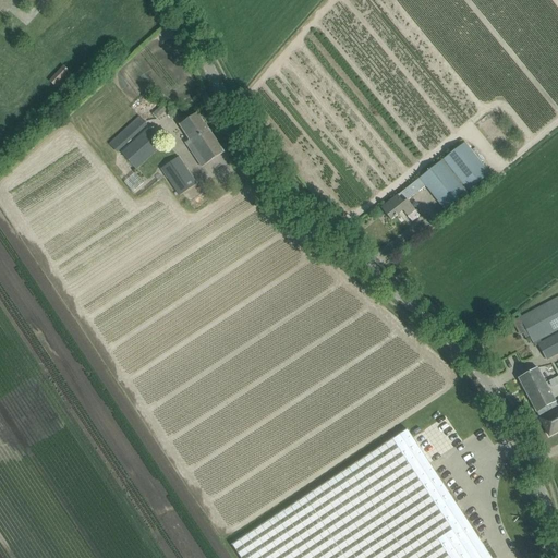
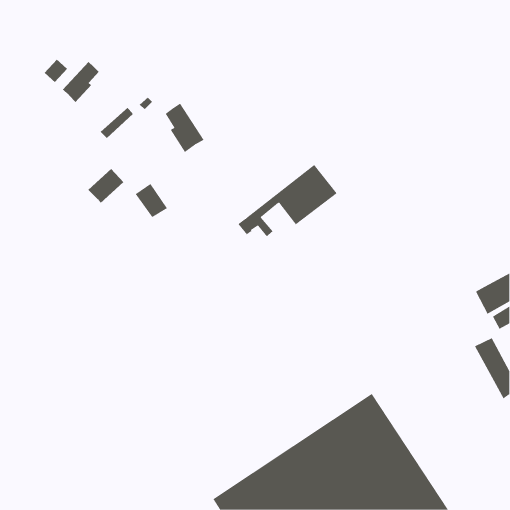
building: none -> [62,61,99,103]
building: [121,130,161,169] -> [87,168,124,204]
building: [380,143,489,222] -> [238,164,337,237]
building: [160,157,196,195] -> [135,183,168,218]

